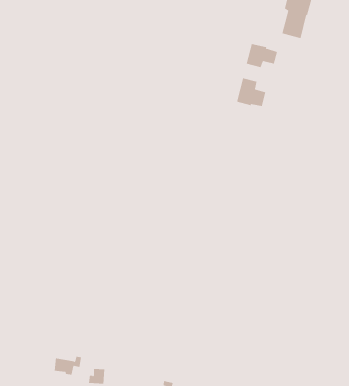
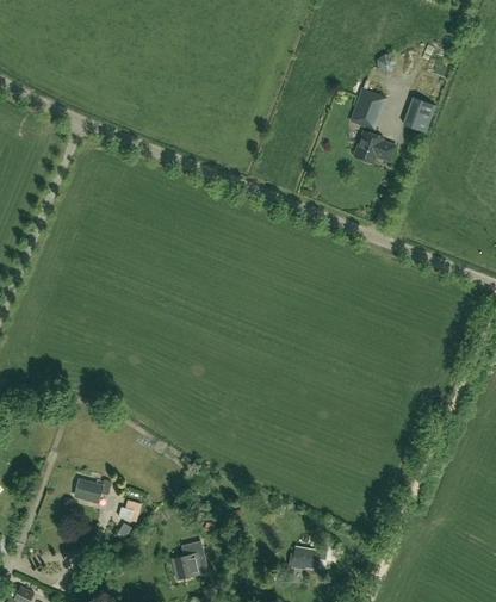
building: none -> [351,89,385,130]
building: [236,78,266,107] -> none

